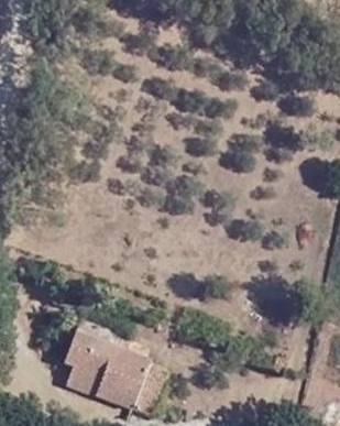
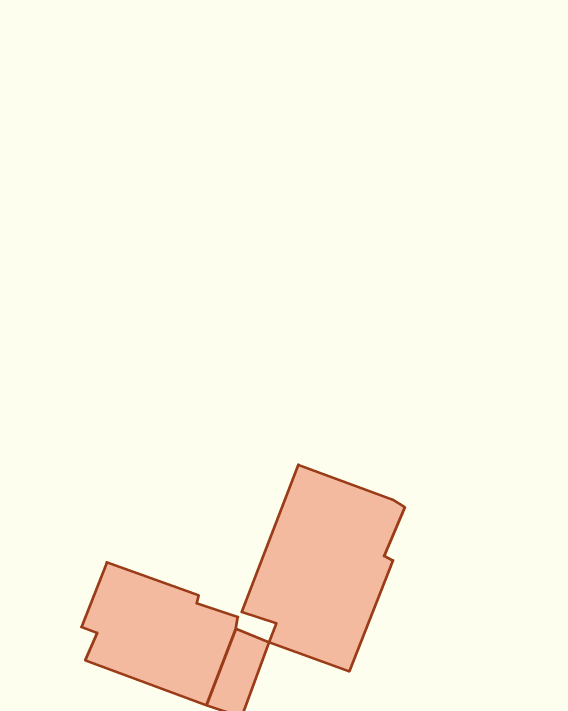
building: none -> [242,465,405,671]

